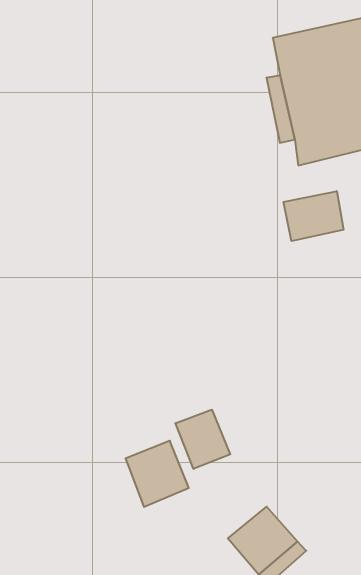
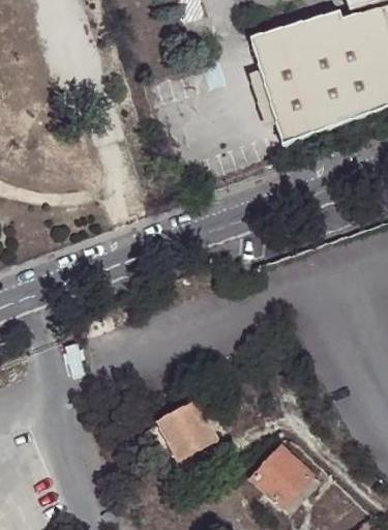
building: [284,191,344,241] -> none
building: [175,410,230,469] -> none

